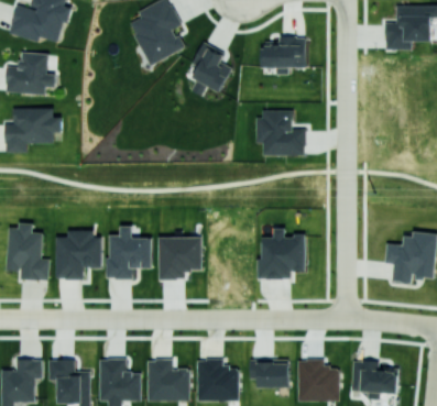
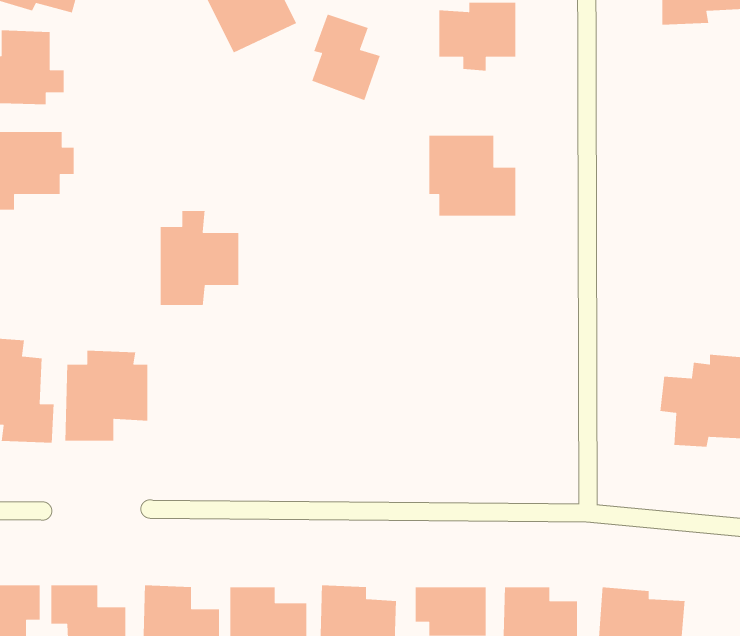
building: [108,226,152,278] -> [160,210,239,306]
building: [256,228,305,278] -> none
building: [157,235,201,279] -> none

